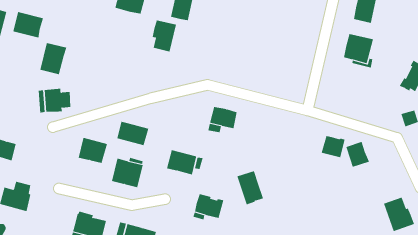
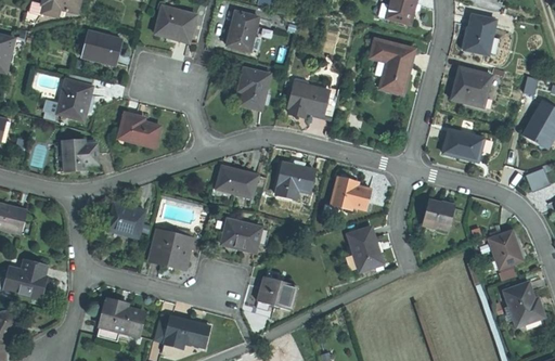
building: [12,12,44,38] -> [80,30,121,65]
building: none -> [370,39,414,94]
building: [152,20,177,52] -> [237,68,270,111]
building: none -> [288,82,328,116]
building: none -> [117,113,159,147]
building: none -> [443,130,485,162]
building: none -> [331,176,371,210]
building: [117,121,149,146] -> [216,166,258,198]
building: [346,141,370,168] -> [491,233,522,268]
building: [236,170,264,205] -> [347,227,383,272]

